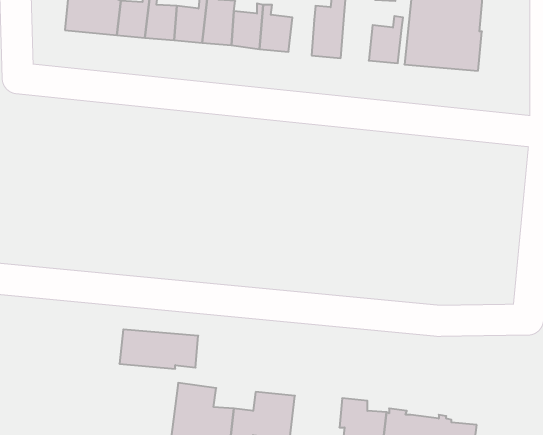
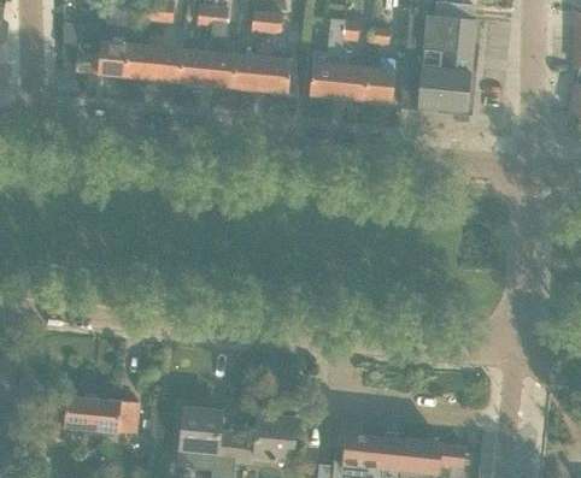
building: none -> [339,54,369,101]
building: [119,329,198,369] -> [64,397,139,435]

